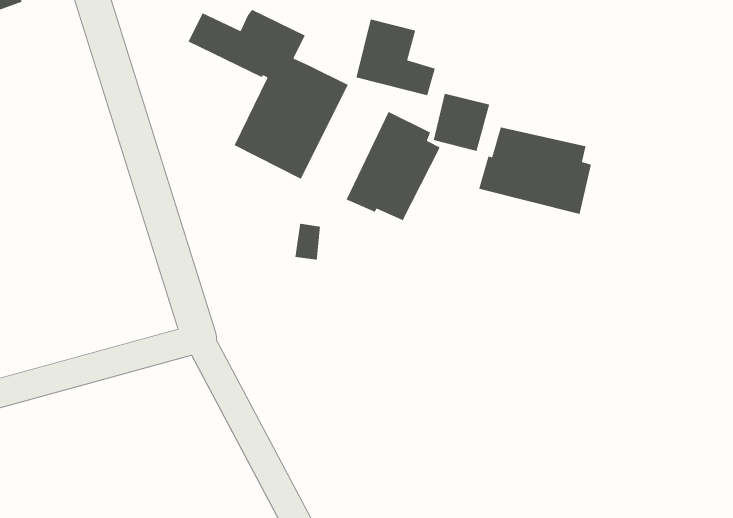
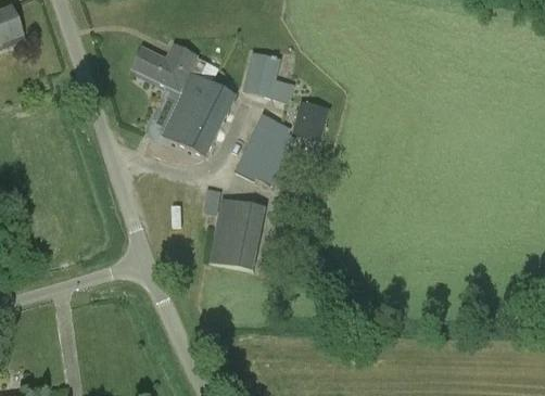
building: [478,126,592,215] -> none
building: none -> [211,197,266,270]

